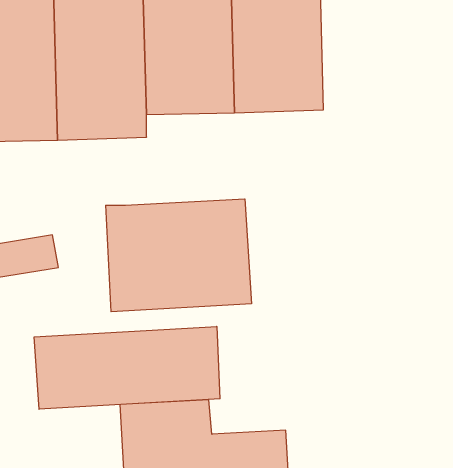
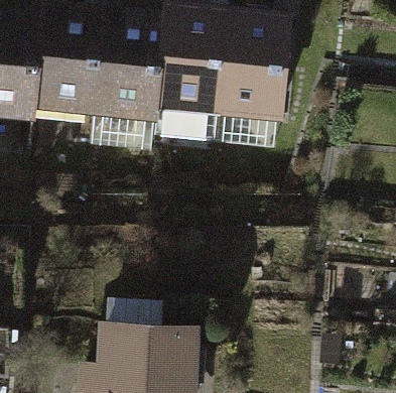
building: [106,199,251,312] -> none
building: [34,326,220,409] -> none

